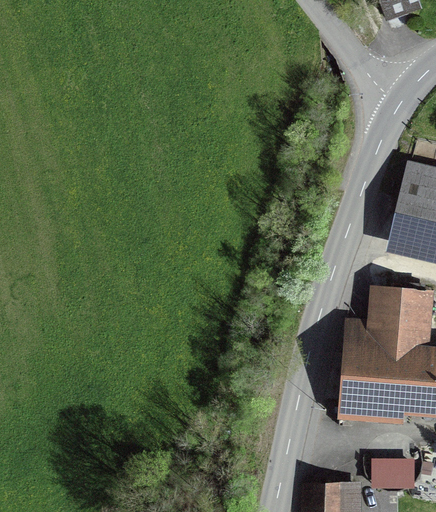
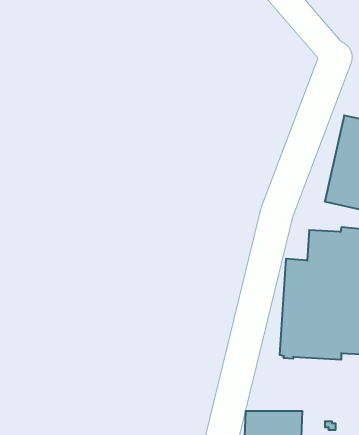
building: [372,458,416,489] -> none

